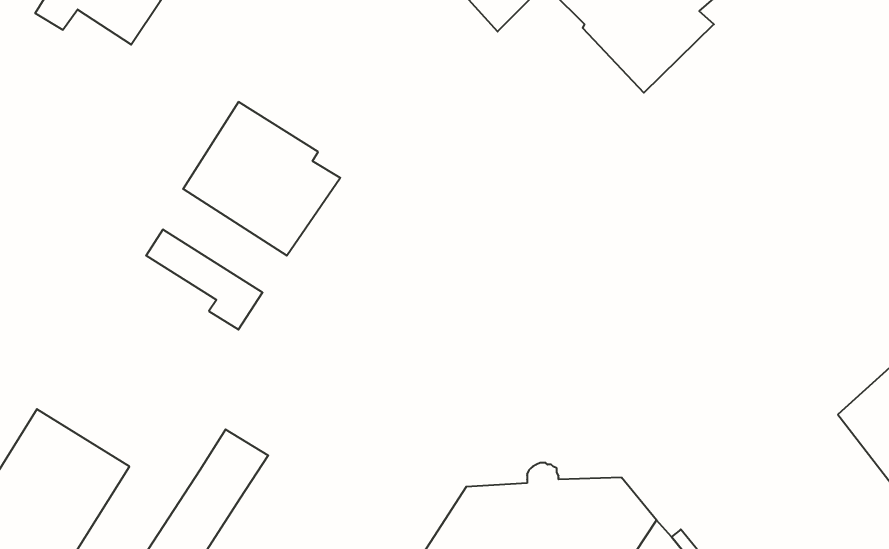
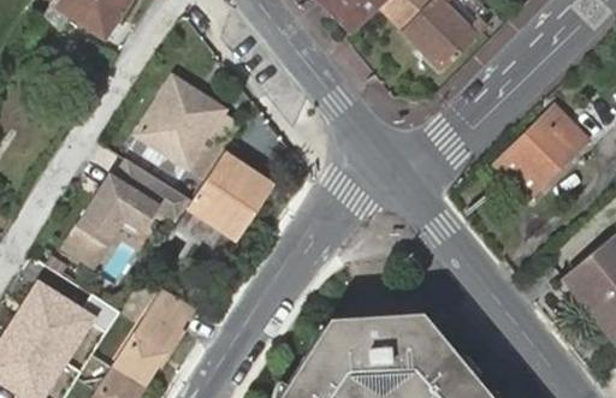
building: none -> [496,108,586,198]
building: none -> [189,153,276,242]
building: none -> [63,172,161,267]

